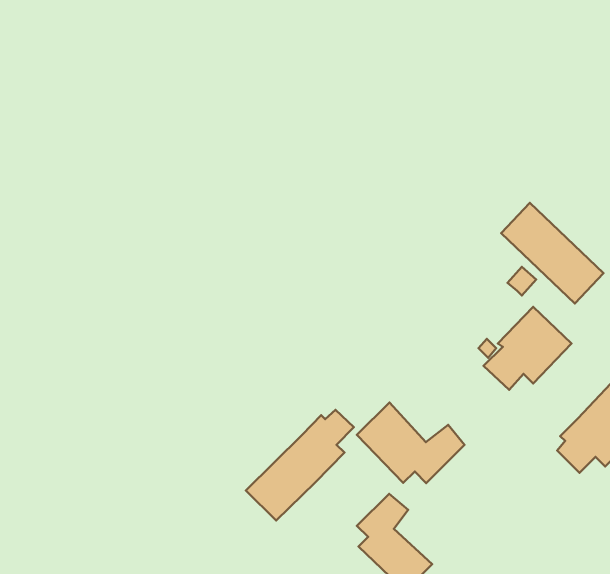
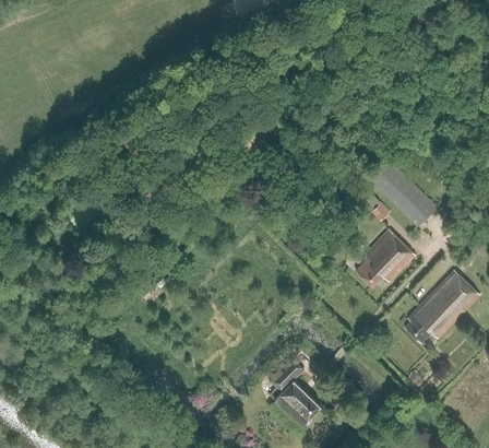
building: [357,402,465,483] -> none
building: [246,410,354,521] -> none

